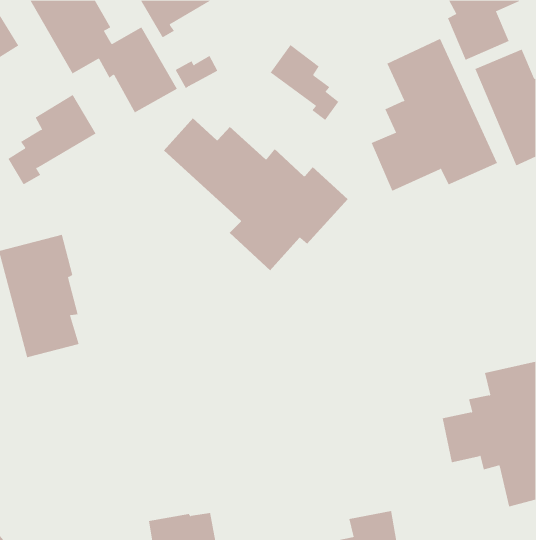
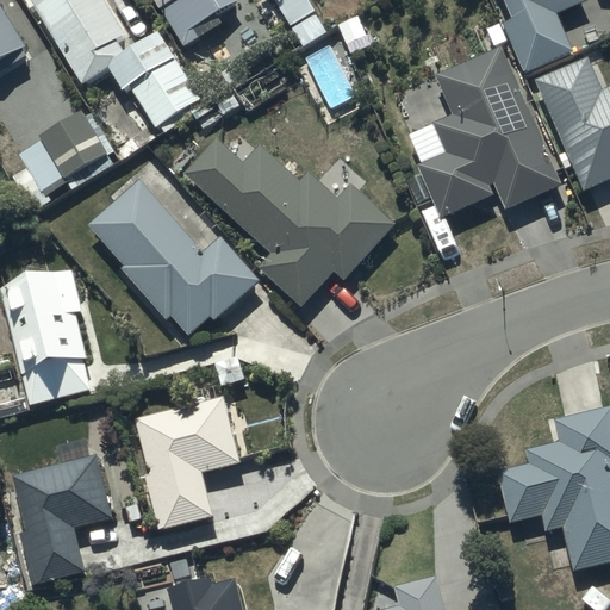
building: [270,44,339,121] -> none
building: none -> [86,179,259,332]
building: none -> [138,398,239,523]
building: none -> [6,455,111,583]

